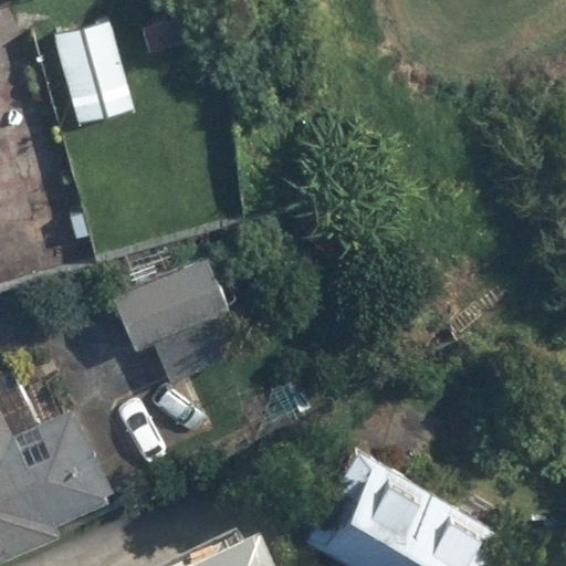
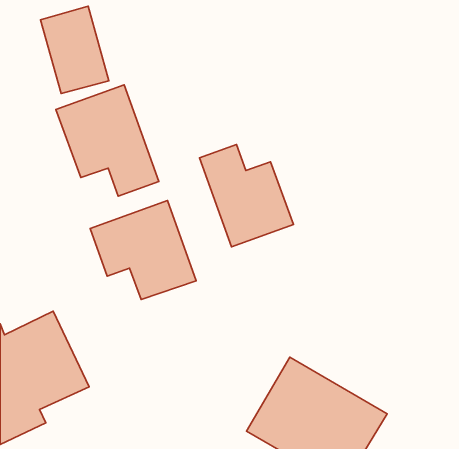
building: none -> [56,85,159,196]
building: none -> [200,145,294,247]

